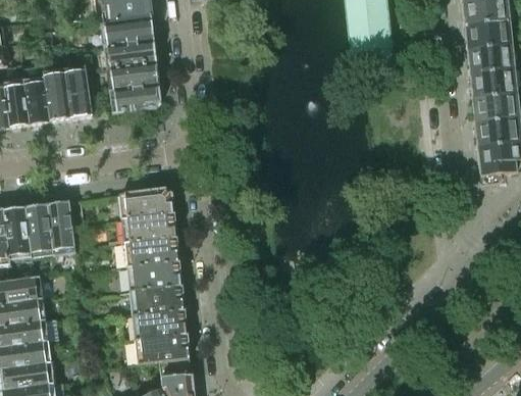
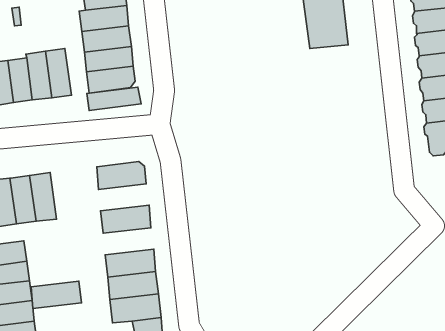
building: none -> [87,87,141,110]
building: [121,212,176,242] -> none
building: [126,260,181,290] -> [31,281,82,308]

